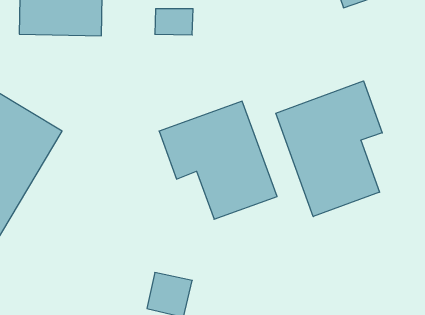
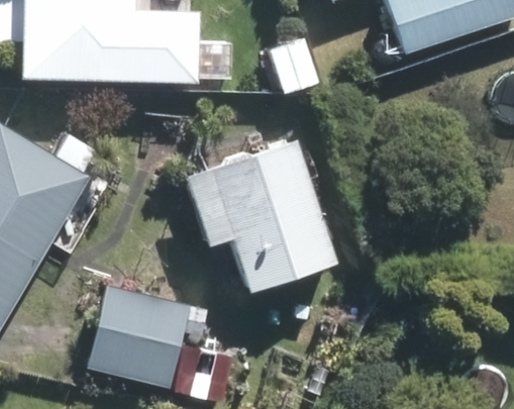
building: [276,81,382,217] -> none
building: none -> [95,291,187,384]

